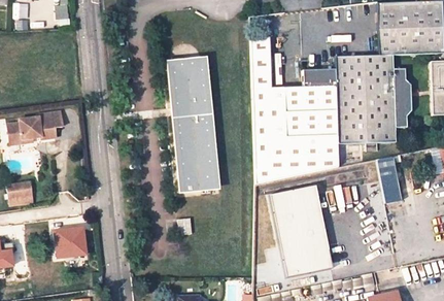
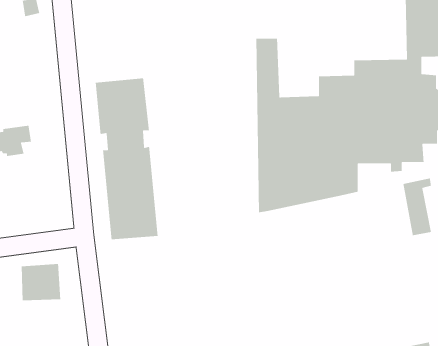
building: [167,56,220,193] -> [95,77,158,240]
building: [267,185,331,278] -> none

